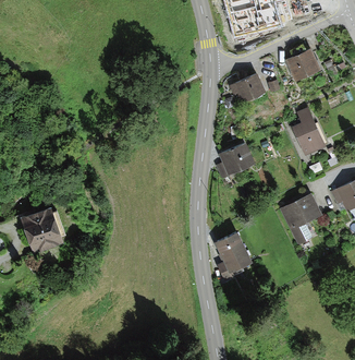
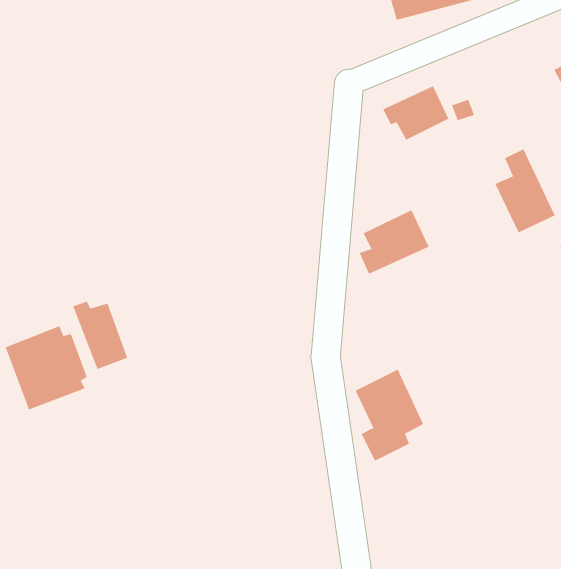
building: [284,45,321,82] -> none
building: none -> [73,301,128,370]
building: [279,194,322,247] -> none

